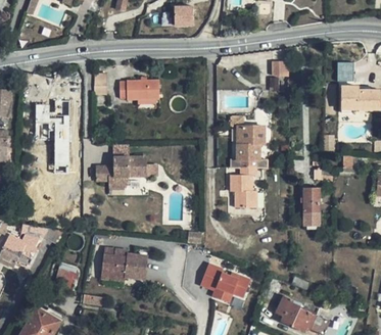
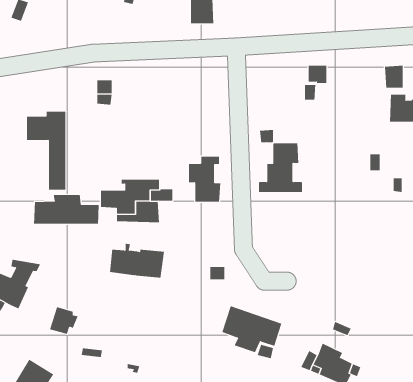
building: [120,80,159,100] -> none
building: [230,169,257,207] -> [188,156,221,202]
building: none -> [34,194,99,224]
building: [303,188,320,213] -> none
building: [101,249,148,279] -> [109,243,165,278]

